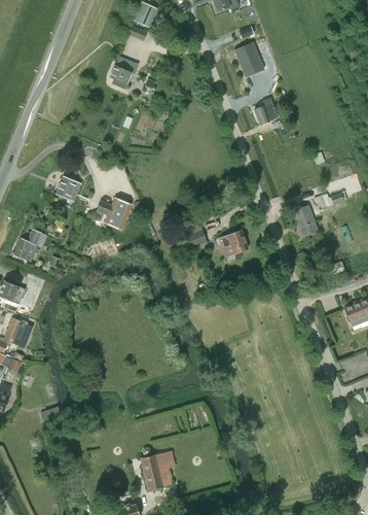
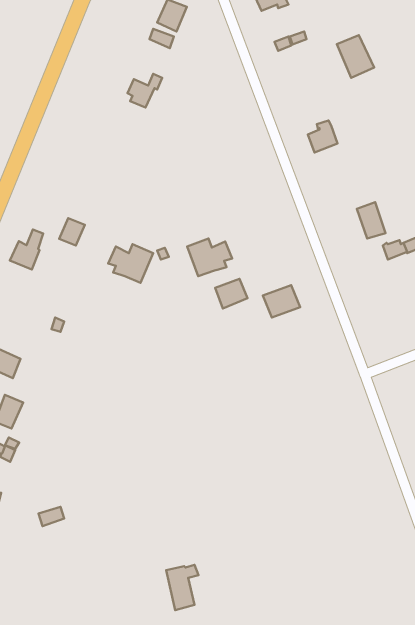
building: [234,43,264,77] -> [337,35,374,78]
building: none -> [187,238,232,276]
building: [298,212,321,241] -> [357,202,385,238]
building: [13,230,40,262] -> [10,230,43,269]

